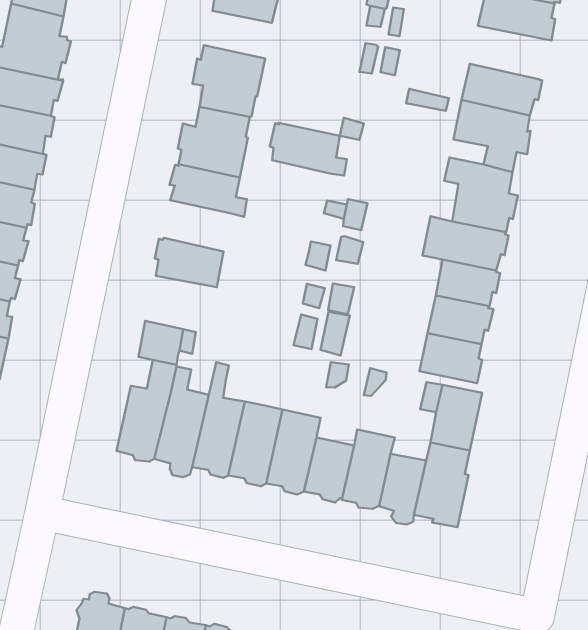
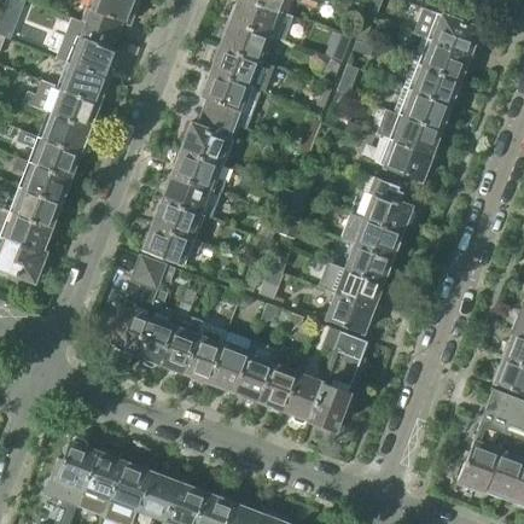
building: none -> [211,47,261,87]
building: none -> [394,87,453,130]
building: [270,123,347,175] -> [163,175,215,219]
building: none -> [140,226,202,266]

